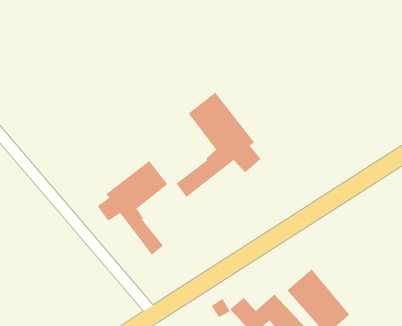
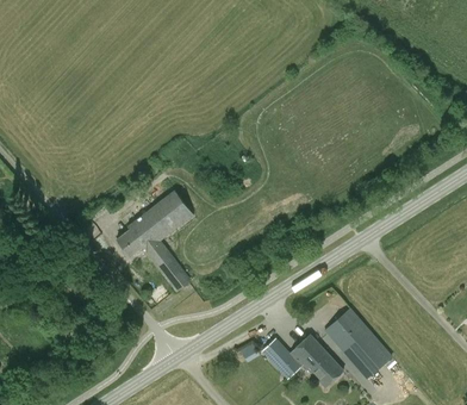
building: [176,92,262,198] -> none

